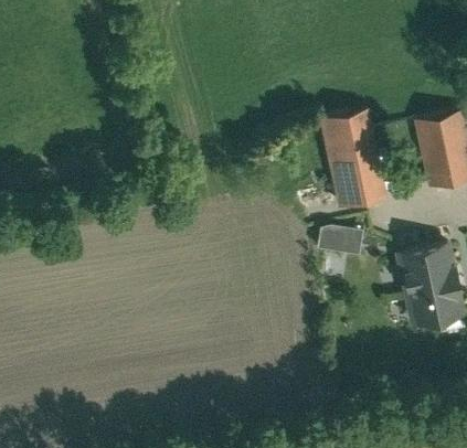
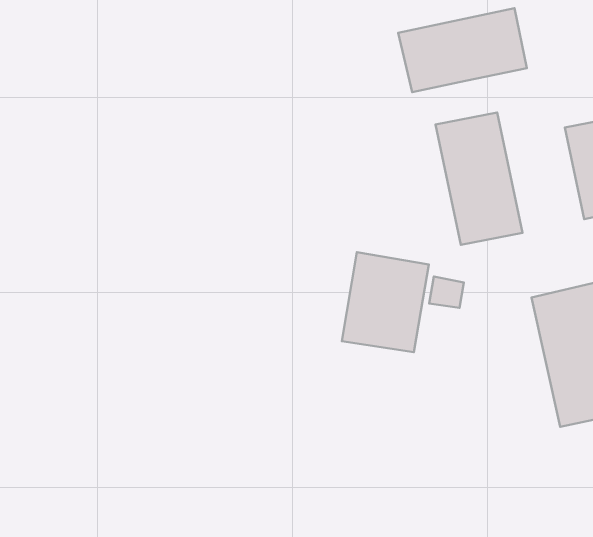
building: none -> [398,8,527,92]
building: none -> [342,252,429,352]

